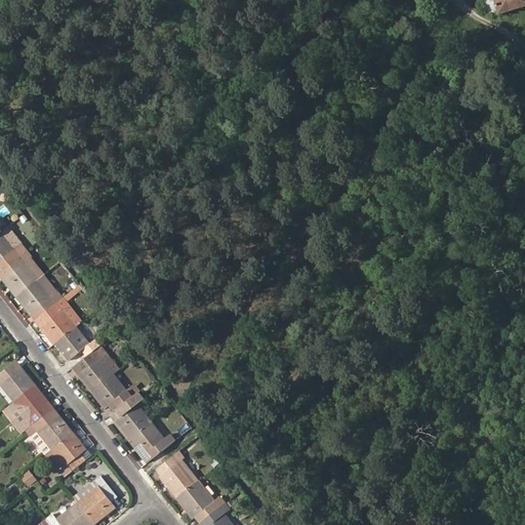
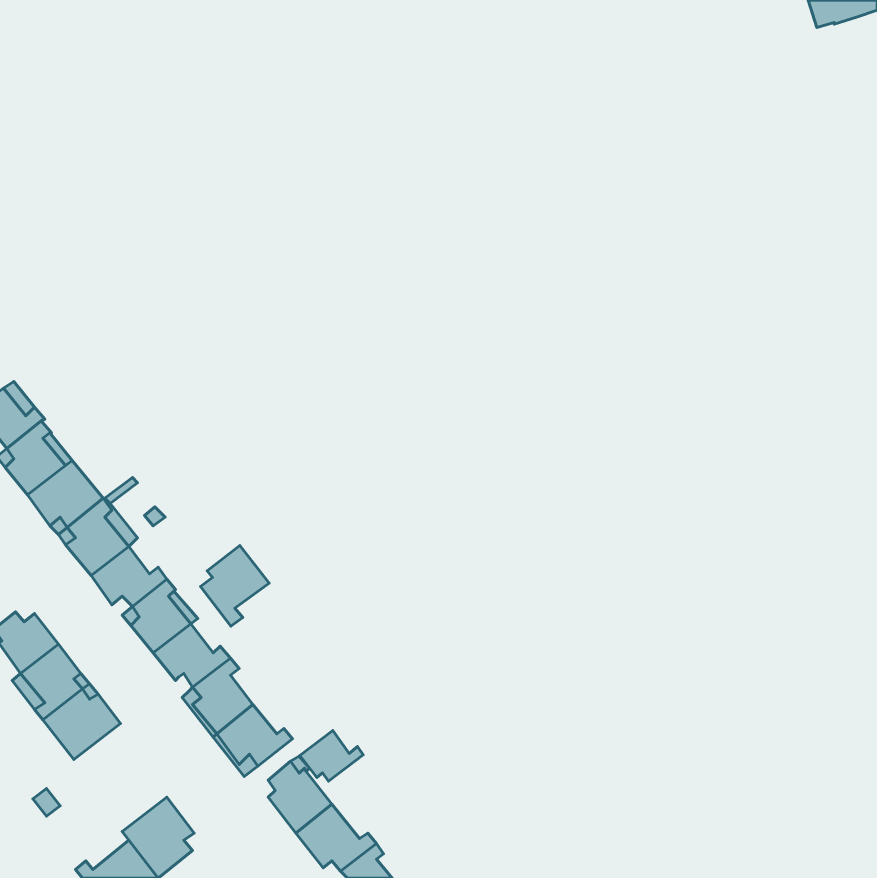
building: none -> [200,545,269,626]
building: [44,432,85,477] -> none
building: none -> [300,730,363,781]

